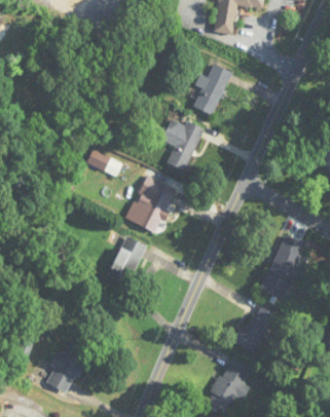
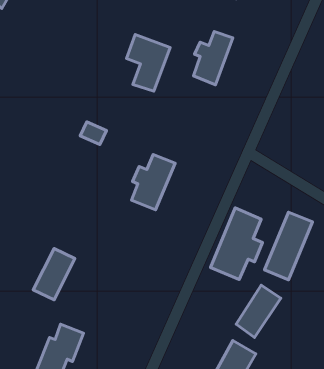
building: [160,116,201,169] -> [126,34,170,91]
building: none -> [210,208,263,280]
building: [107,235,146,283] -> [33,249,75,300]

